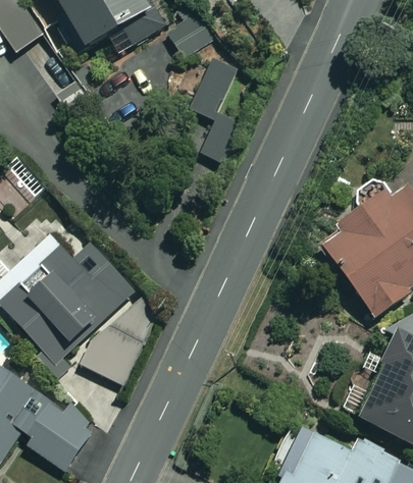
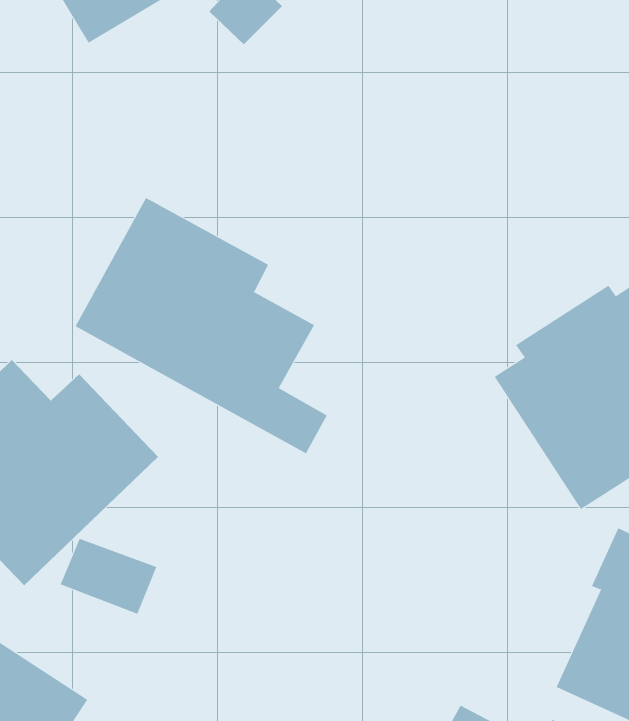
building: [186,62,254,159] -> none
building: none -> [75,197,327,454]

